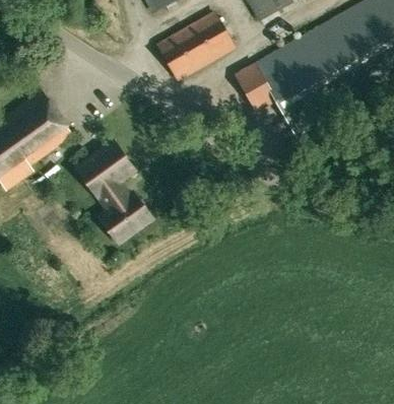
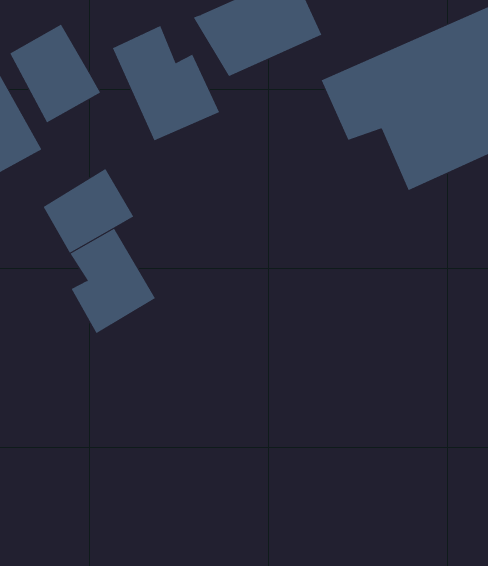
building: none -> [112,25,220,141]
building: none -> [9,24,101,123]

